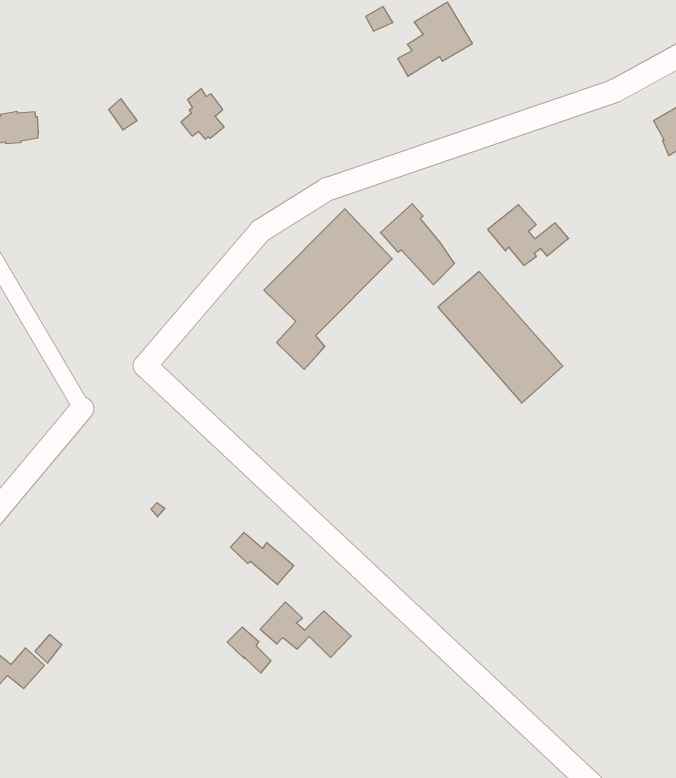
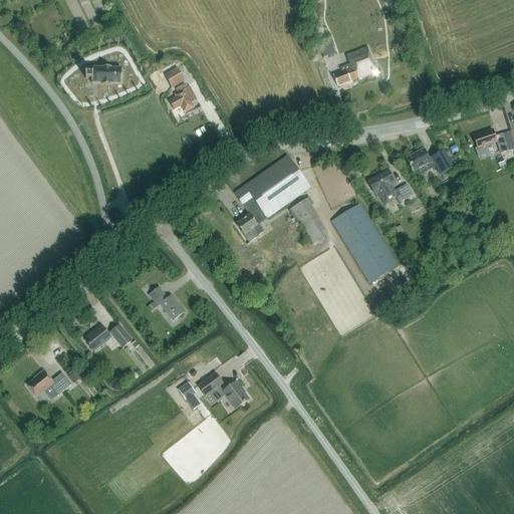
building: [181,89,224,139] -> [170,82,195,111]
building: none -> [407,149,454,174]
building: [380,204,455,285] -> [287,195,326,243]
building: [230,532,294,585] -> [150,286,184,319]
building: none -> [84,323,132,350]

